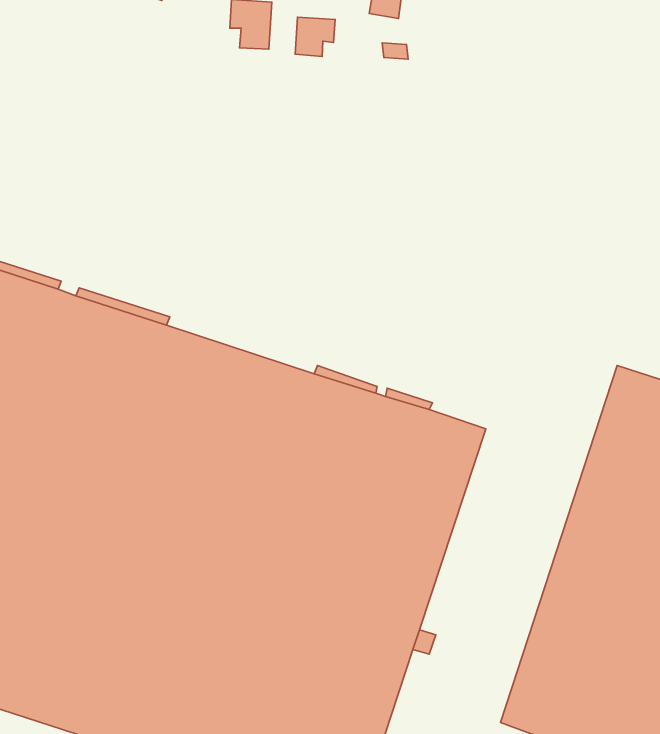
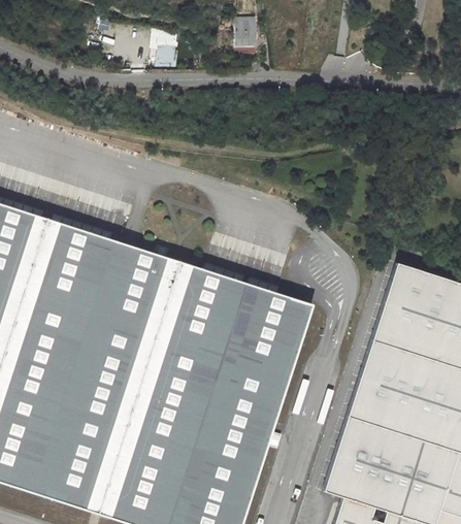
building: [295,17,335,56] -> none

